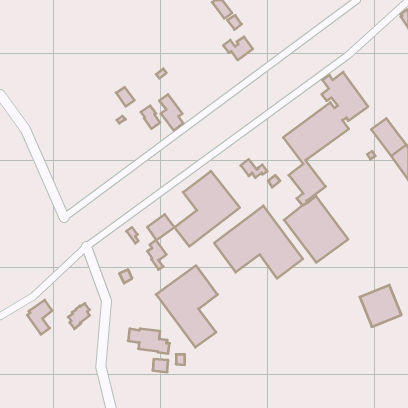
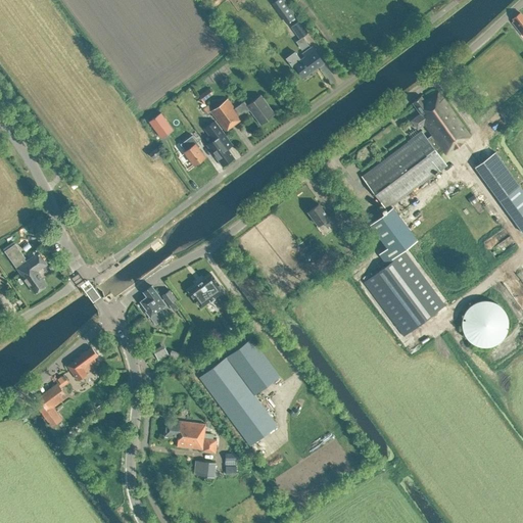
building: none -> [211,96,275,132]
building: [174,171,240,246] -> none
building: none -> [5,244,47,294]
building: [214,206,303,278] -> none
building: [147,240,166,270] -> [141,287,165,325]
building: [360,285,401,327] -> [456,296,509,349]
building: [68,303,90,329] -> [70,348,98,381]

